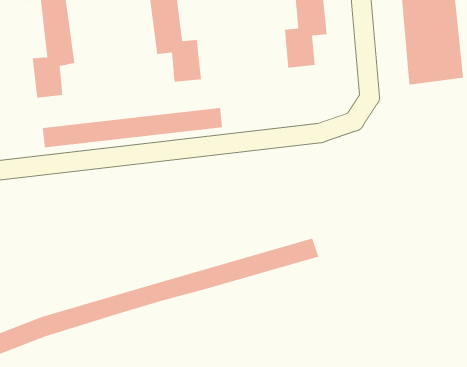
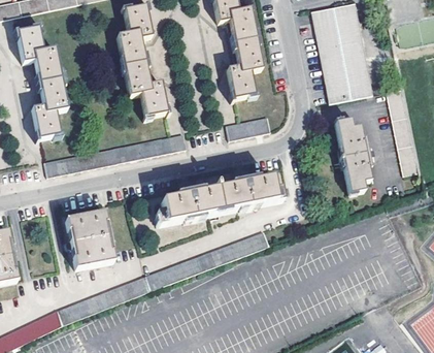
building: none -> [227,116,270,139]
building: none -> [334,120,372,194]
building: none -> [157,174,285,225]
building: none -> [61,212,115,269]

